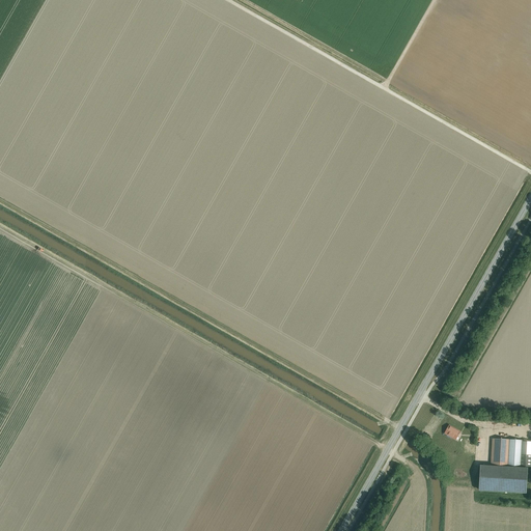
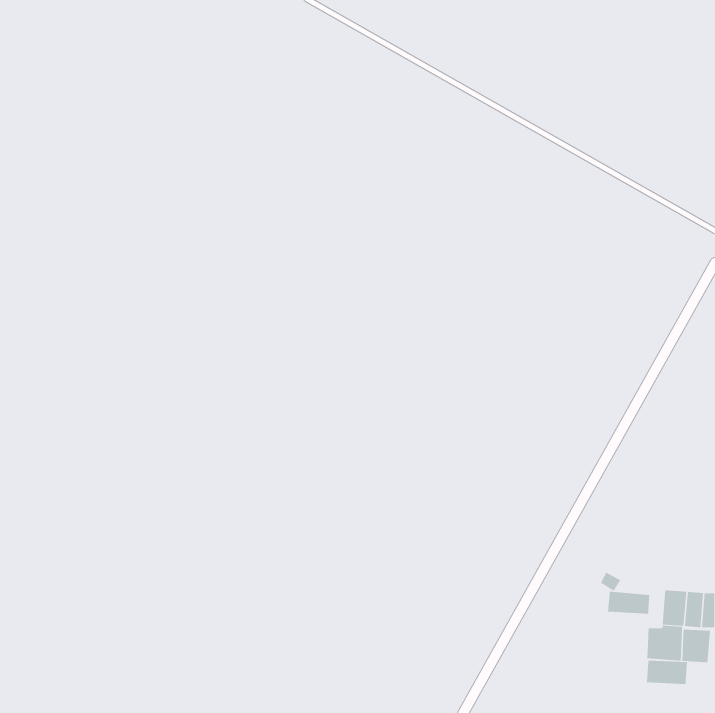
building: none -> [608,591,650,614]
building: none -> [647,660,687,685]

